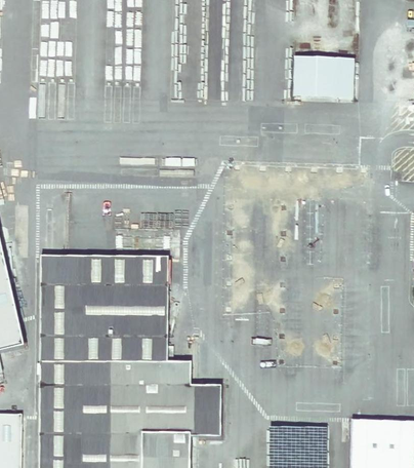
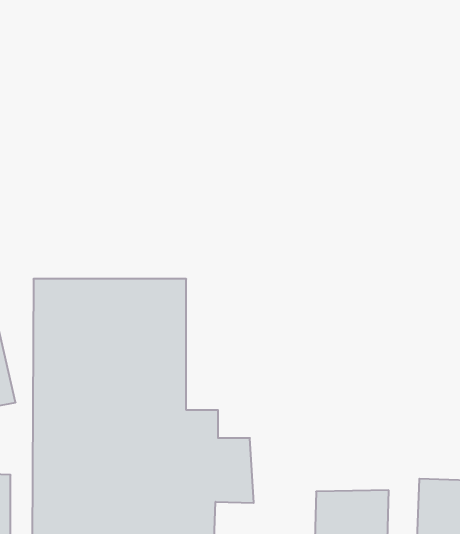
building: [293,61,358,103] -> none

